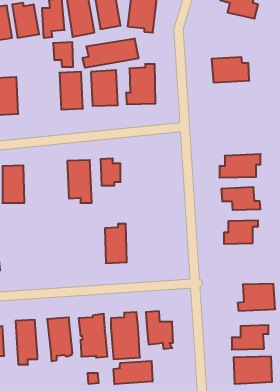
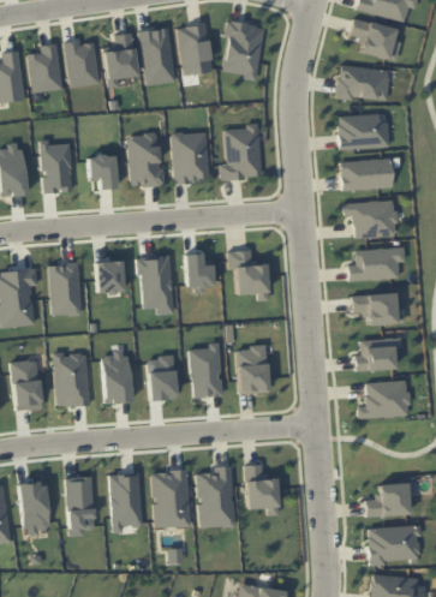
building: none -> [335,65,389,101]
building: [83,38,138,68] -> none
building: [53,42,73,67] -> [86,155,114,189]
building: none -> [340,160,390,190]
building: none -> [342,201,395,238]
building: none -> [226,250,265,302]
building: none -> [94,261,121,293]
building: none -> [235,347,267,394]
building: none -> [55,348,91,404]
building: none -> [101,350,129,404]
building: none -> [147,357,174,400]
building: [238,284,275,311] -> [357,381,408,418]
building: [114,361,152,384] -> none

